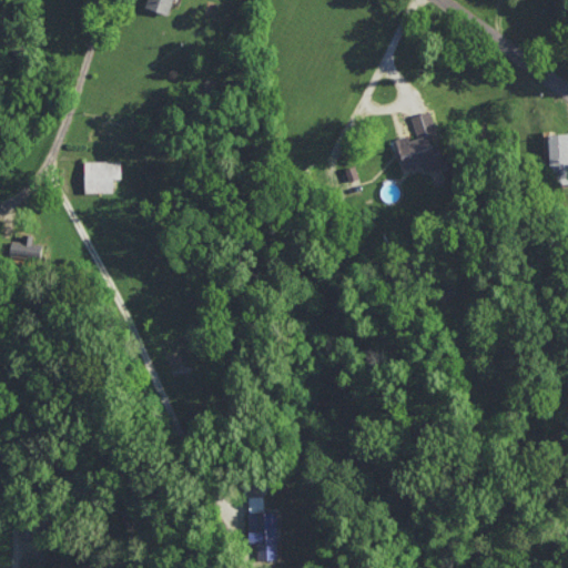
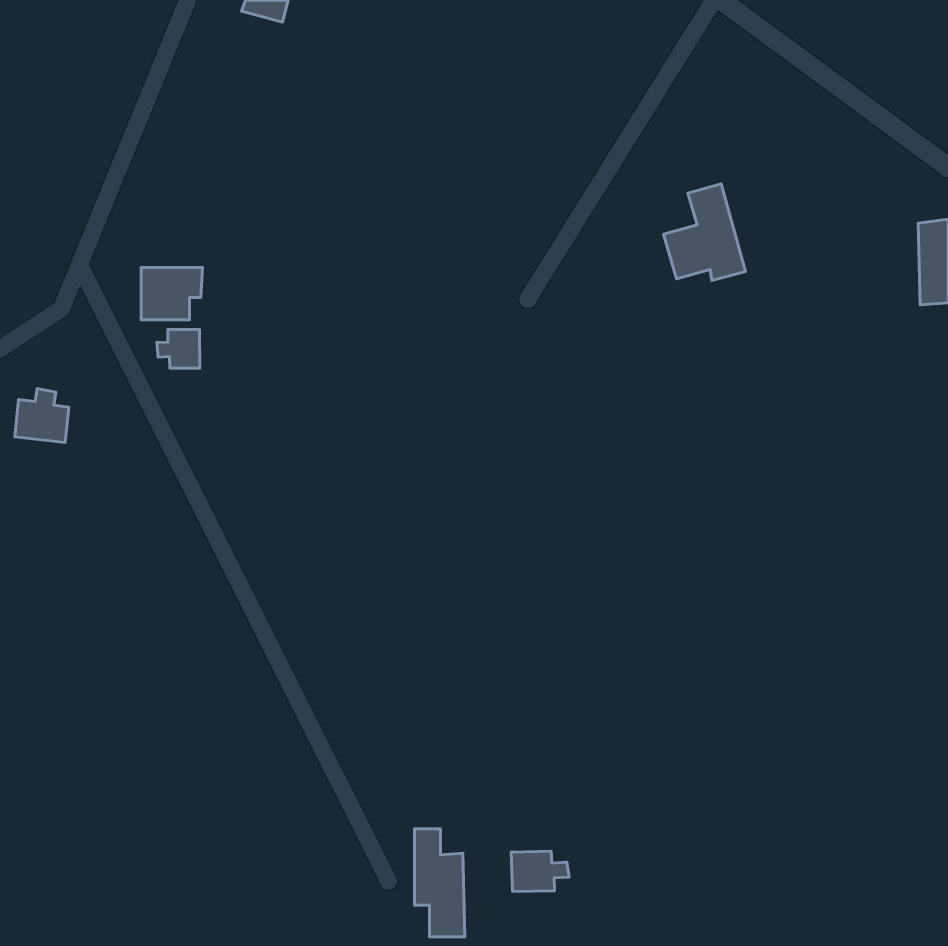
building: none -> [157,329,200,368]
building: none -> [511,851,569,892]

